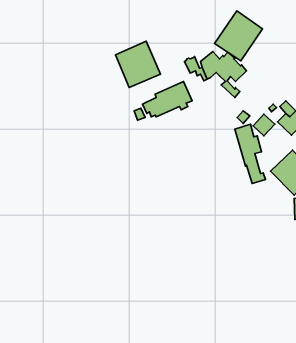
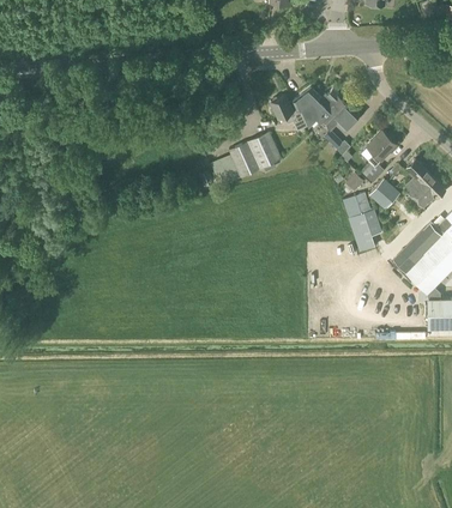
building: [215,11,262,61] -> none
building: [115,41,161,87] -> none
building: none -> [361,133,398,176]

